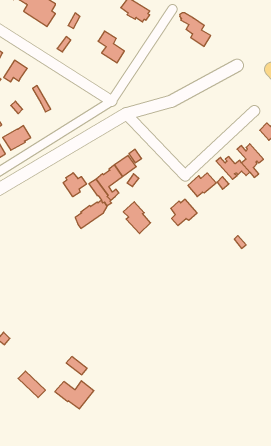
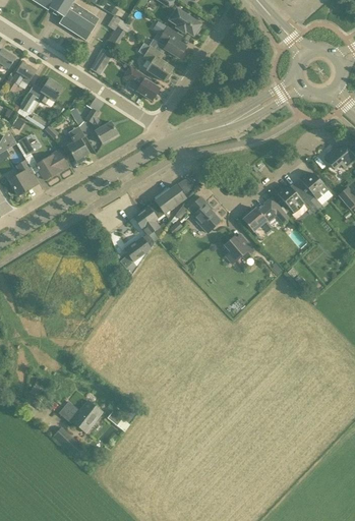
building: [180,13,211,46] -> [152,20,186,58]
building: none -> [122,66,159,101]
building: none -> [85,109,118,143]
building: none -> [67,126,87,161]
building: [63,173,86,197] -> none
building: [123,202,151,234] -> [188,196,219,232]
building: [55,381,94,409] -> [58,400,102,431]

